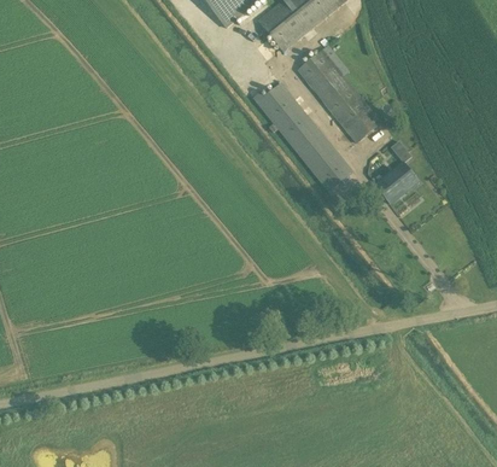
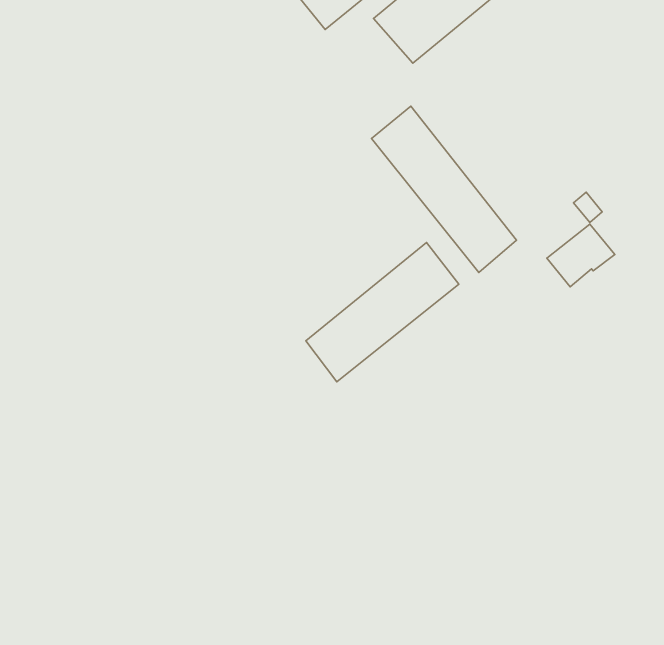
building: [297,43,382,142] -> none
building: none -> [306,243,459,382]

